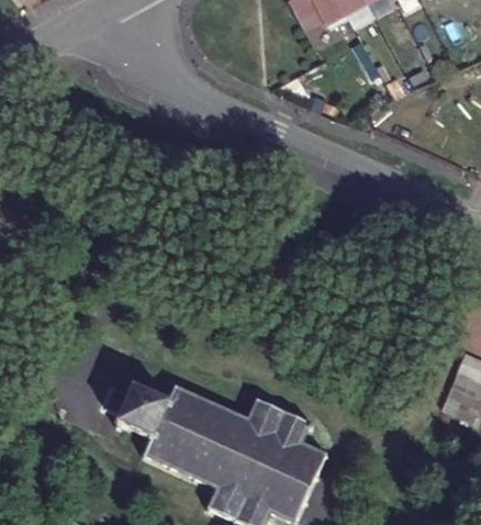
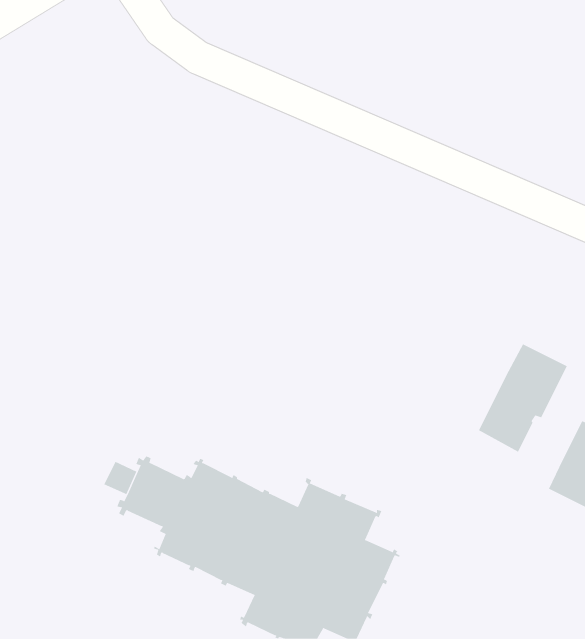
building: none -> [478,343,568,452]

